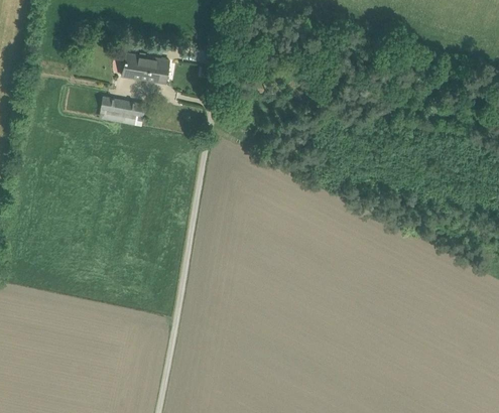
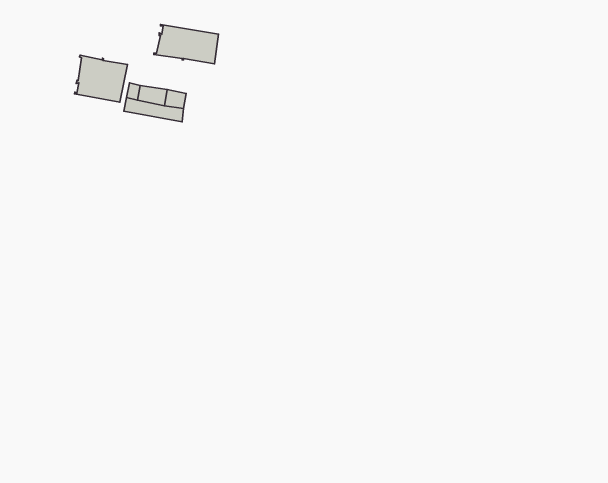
building: none -> [74,55,128,102]

